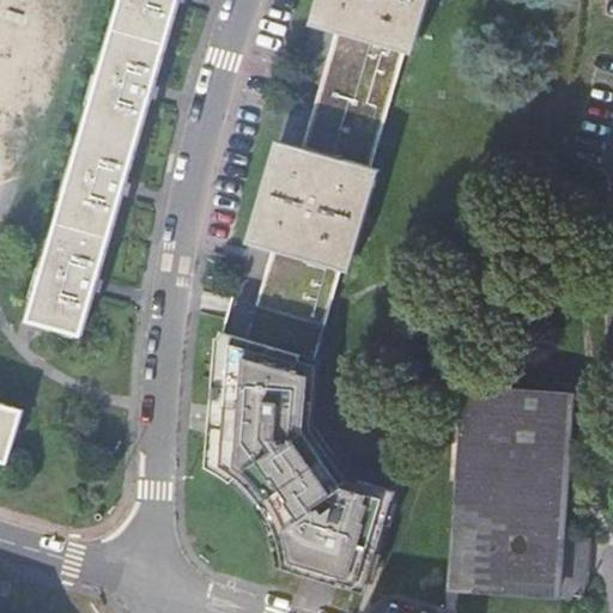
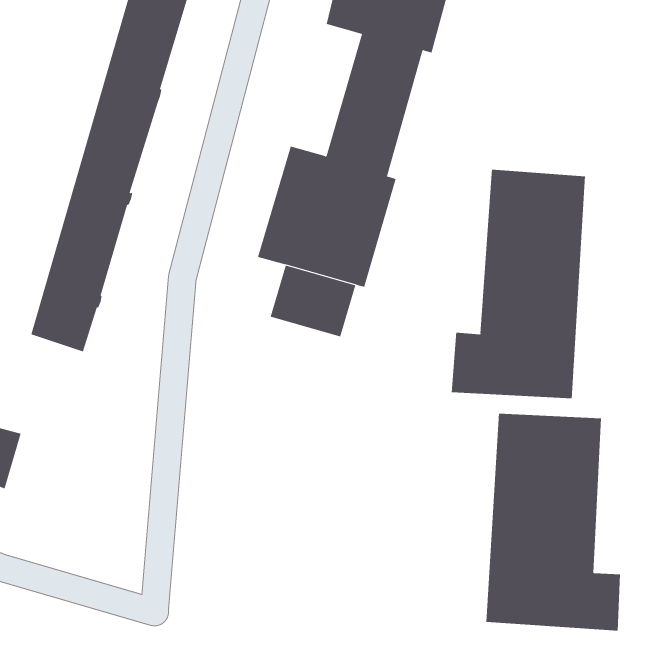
building: none -> [451,169,586,399]
building: [206,309,393,588] -> none

